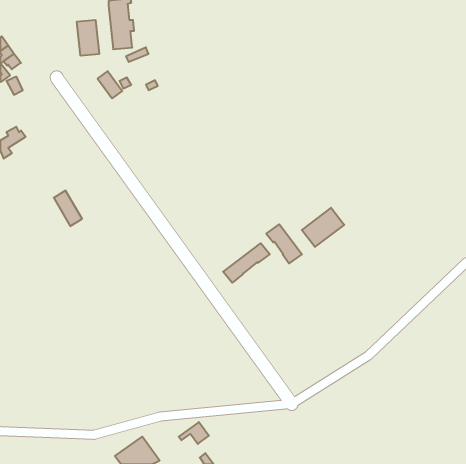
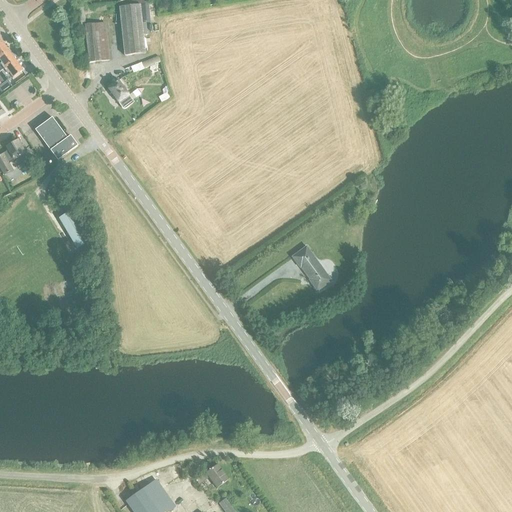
building: none -> [35,116,78,159]
building: [302,208,344,247] -> none
building: [223,243,270,283] -> none

